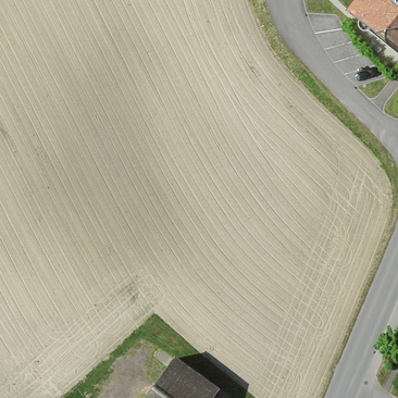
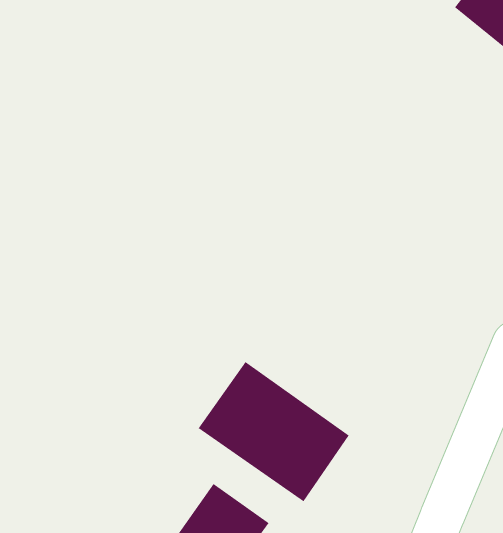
building: none -> [198,361,350,502]

